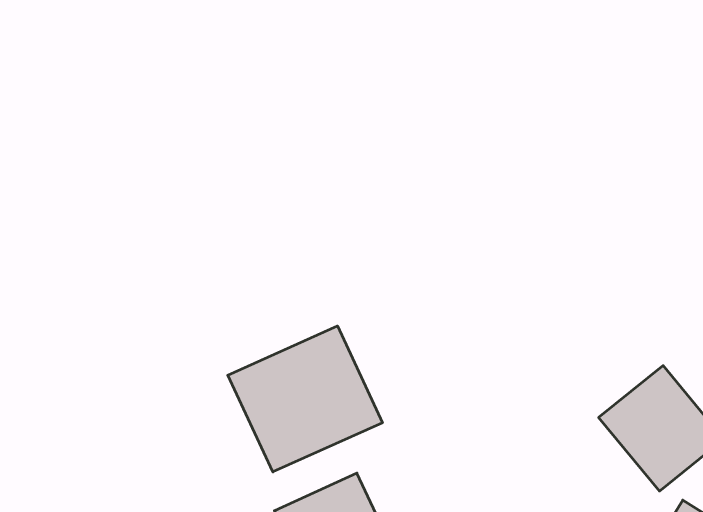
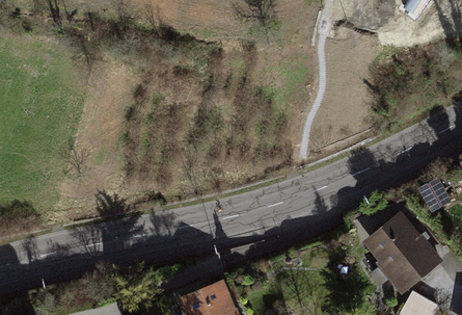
building: [228,326,382,472] -> none

